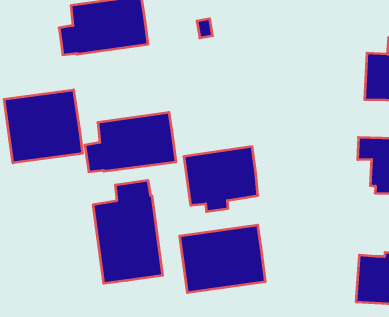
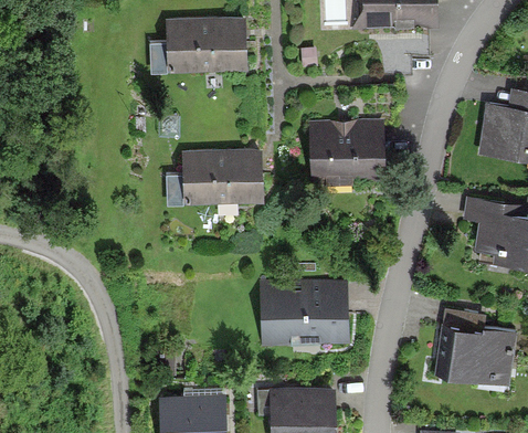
building: [4,90,82,163] -> none
building: [184,147,258,212] -> [308,119,386,186]
building: [93,180,163,283] -> none

